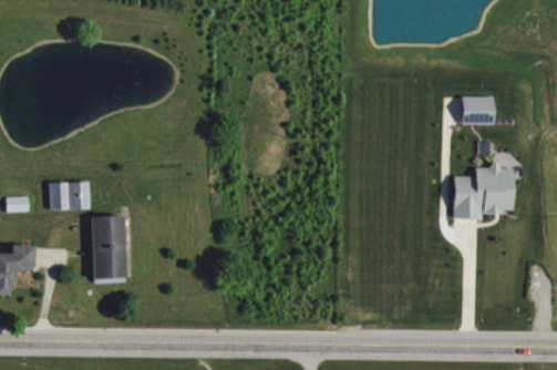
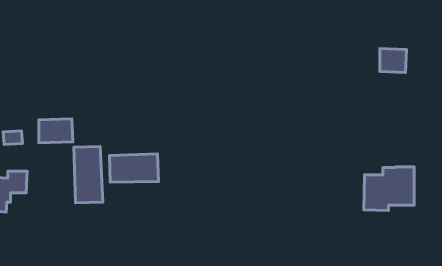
building: [453,165,514,218] -> [364,167,414,211]
building: none -> [109,154,158,182]

